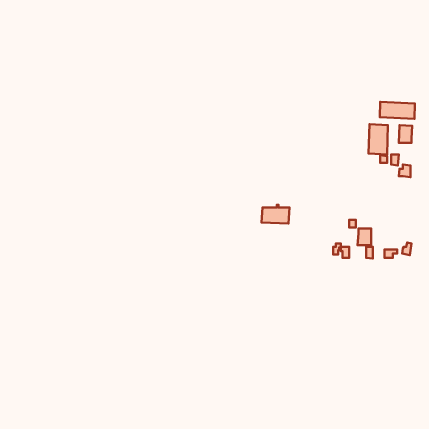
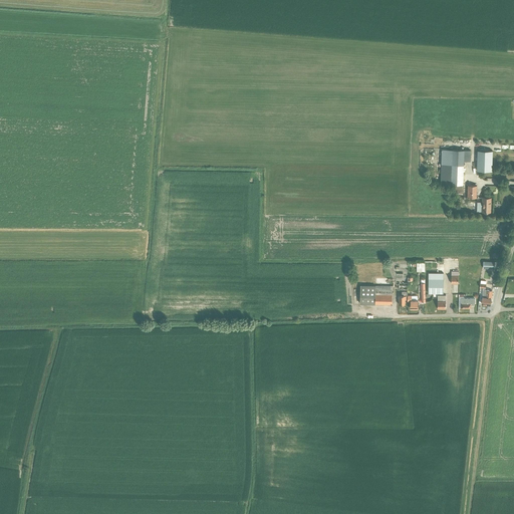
building: [380,102,415,119] -> none
building: [262,205,289,223] -> [359,282,393,304]

